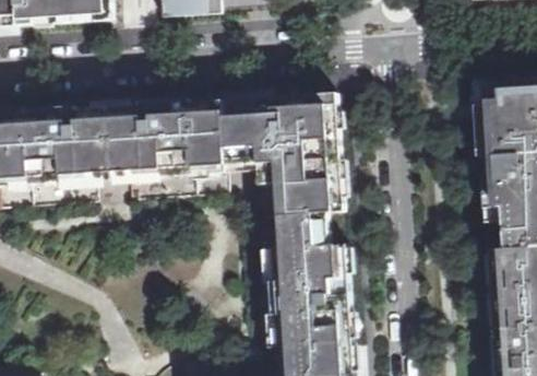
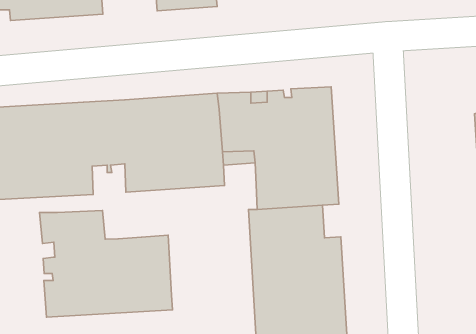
building: none -> [39,210,172,317]

